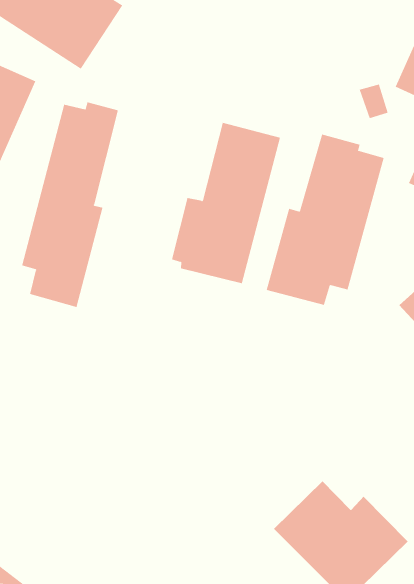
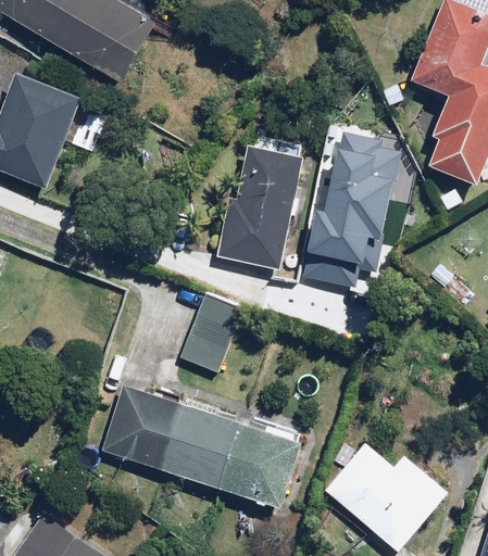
building: [21,102,118,308] -> none
building: none -> [179,296,241,375]
building: none -> [99,386,300,510]

